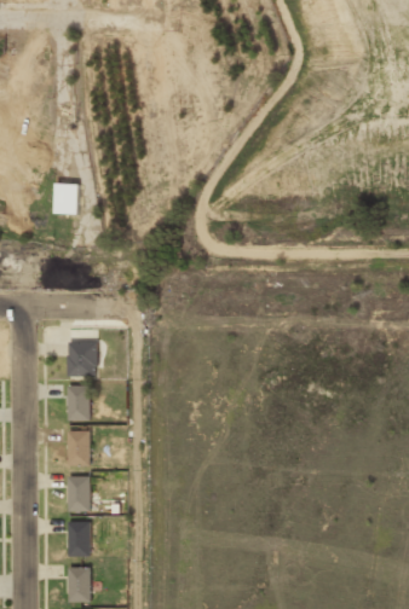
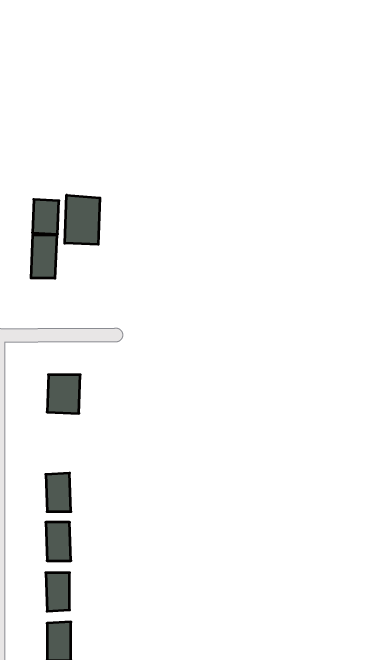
building: none -> [65,195,100,244]
building: none -> [31,235,57,278]
building: [67,385,88,420] -> none

